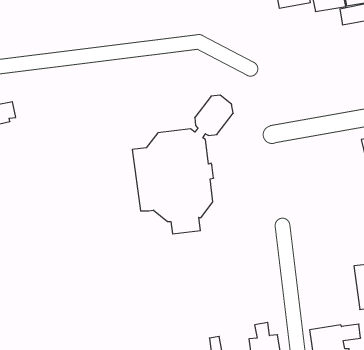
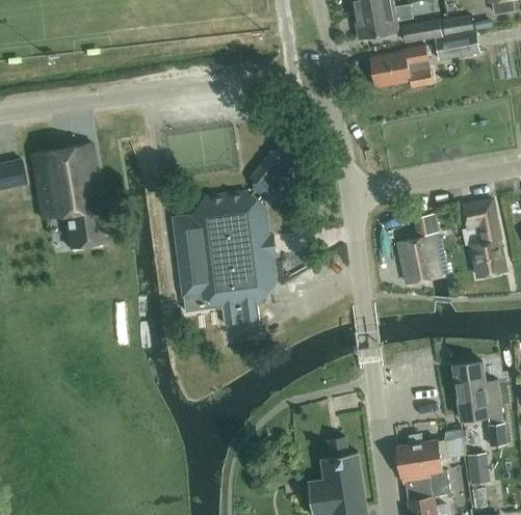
building: none -> [369,46,433,88]
building: none -> [31,144,104,248]
building: none -> [398,213,444,282]

